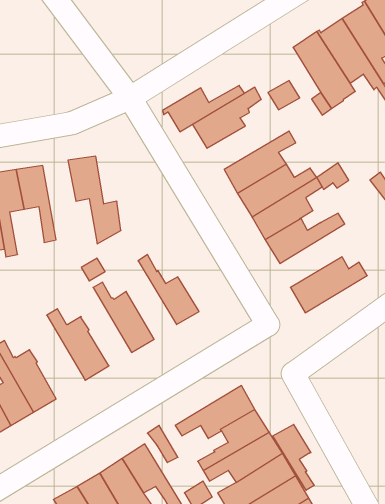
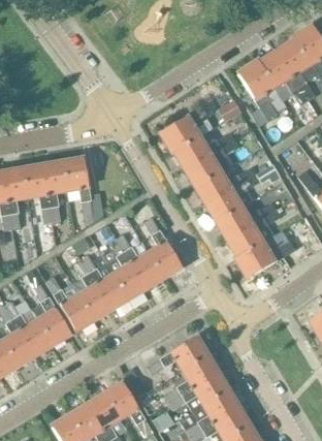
building: [163,85,245,132] -> [170,131,234,167]
building: none -> [42,160,68,222]
building: none -> [227,210,281,259]
building: none -> [143,217,183,278]
building: none -> [99,239,147,300]
building: none -> [72,259,111,320]
building: none -> [33,283,71,346]
building: [273,424,314,490] -> none

